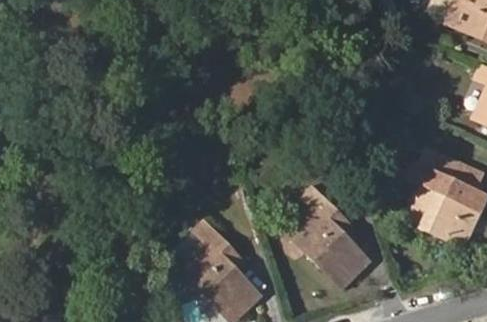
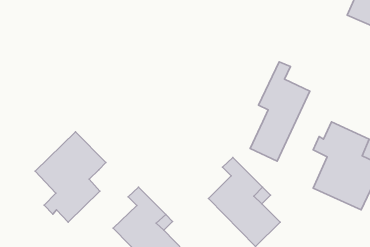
building: none -> [250,62,310,161]
building: none -> [35,132,106,222]

